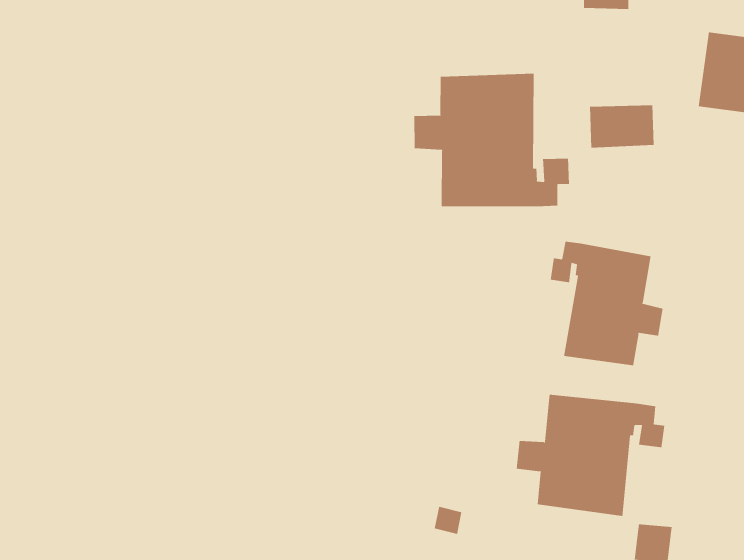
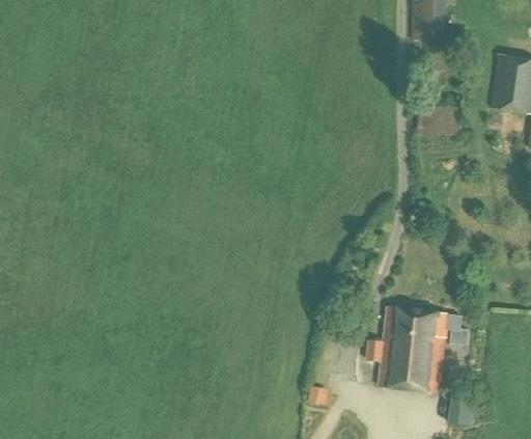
building: [414,73,569,207] -> none
building: [550,241,663,366] -> none

